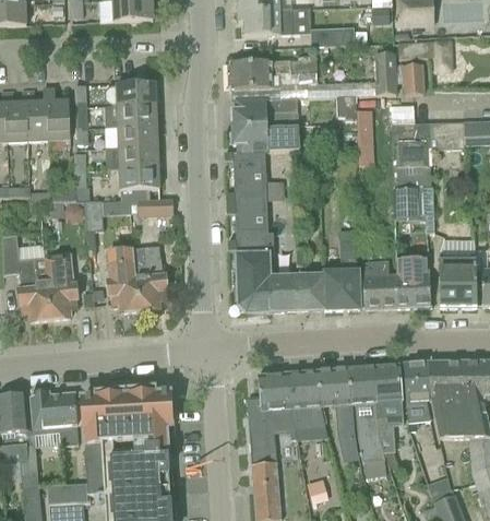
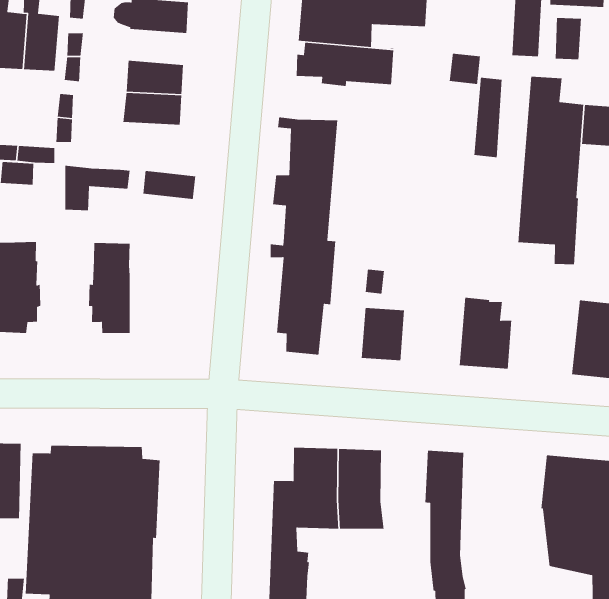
building: [105,104,156,127] -> none
building: [232,123,298,153] -> none
building: [119,166,159,200] -> none
building: [323,228,361,309] -> none
building: [133,246,167,310] -> none
building: [395,259,430,307] -> none
building: [268,275,297,311] -> none
building: [403,362,430,429] -> none
building: [373,364,403,450] -> none
building: [318,367,354,434] -> none

